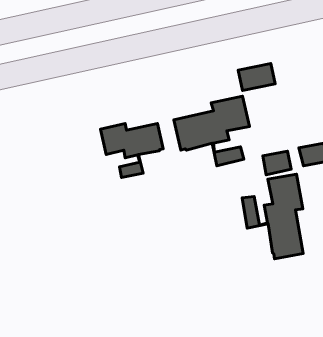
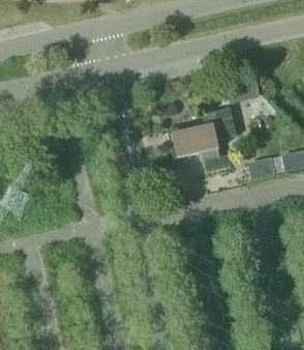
building: [100,123,163,177] -> none
building: [242,174,303,259] -> none

